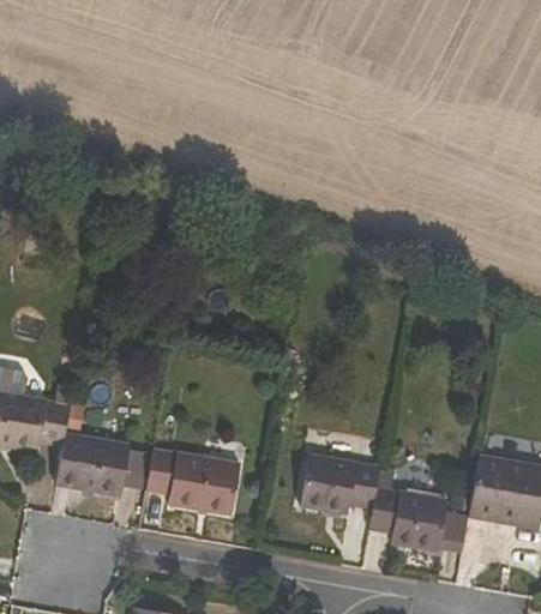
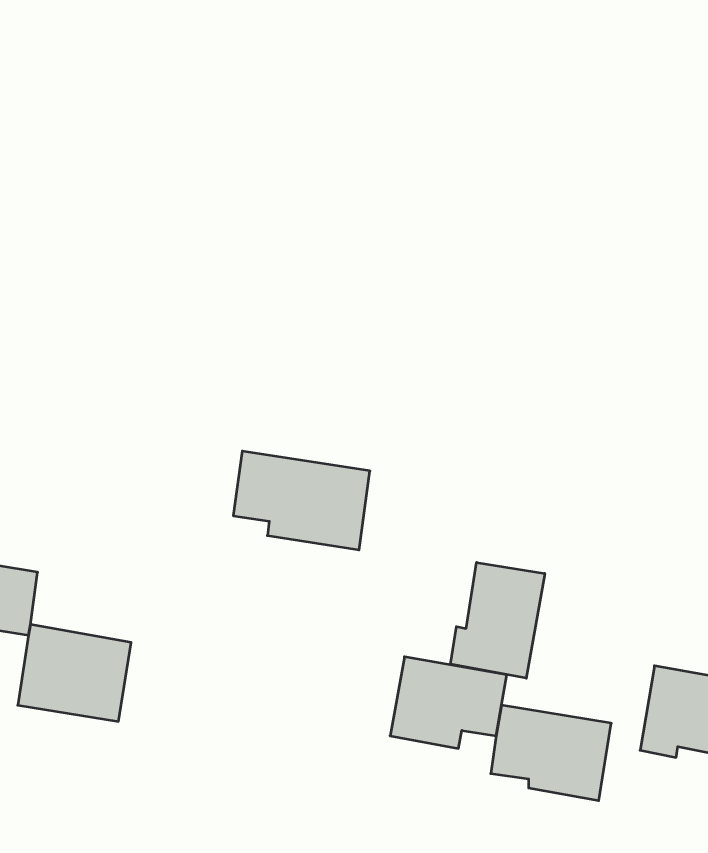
building: none -> [450,562,545,678]
building: [149,450,240,516] -> [233,451,370,550]

